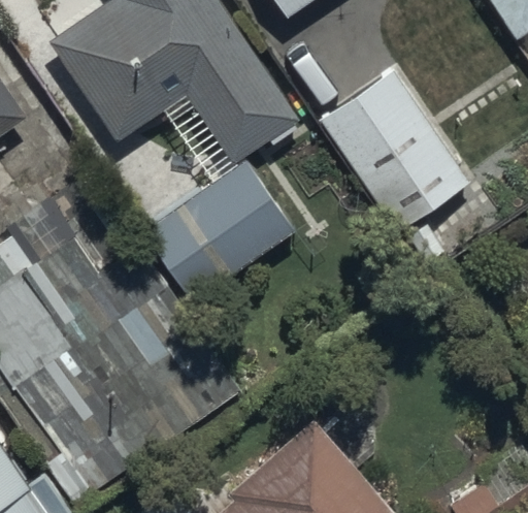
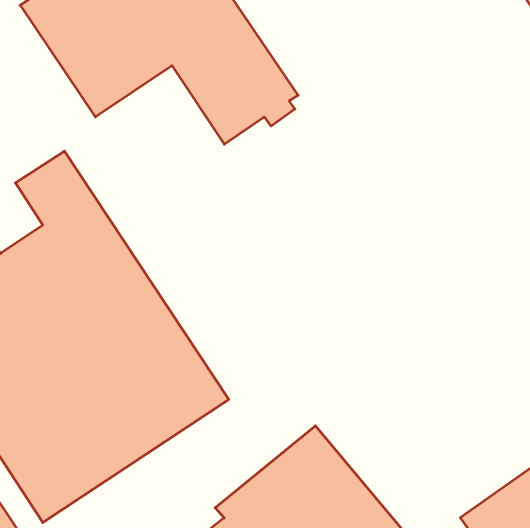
building: [315,69,469,236] -> none
building: [143,161,295,304] -> none

